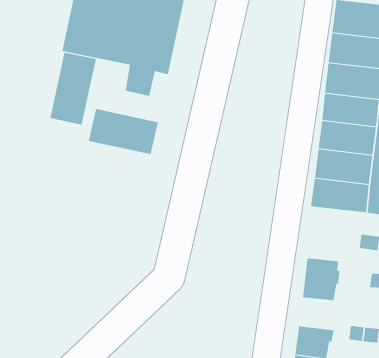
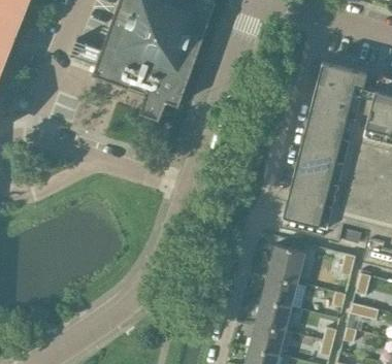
building: [50,52,96,125] -> none
building: [88,108,158,155] -> none
building: none -> [270,246,304,276]
building: none -> [256,302,288,332]

